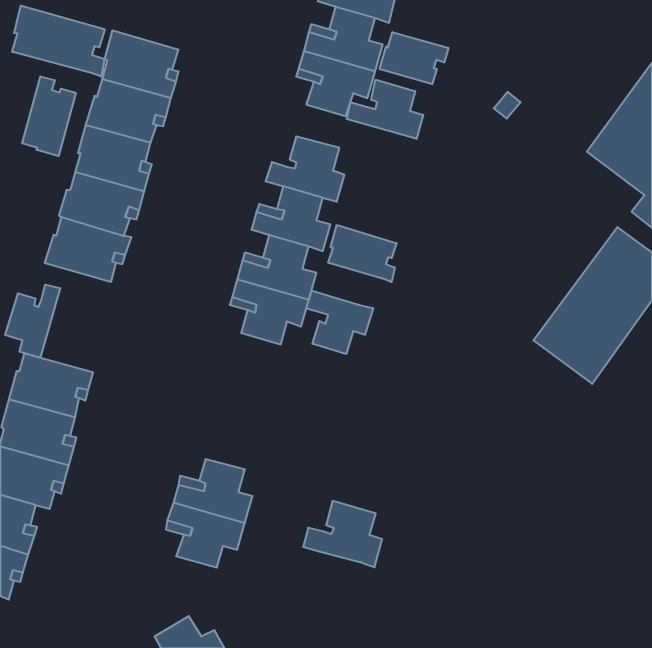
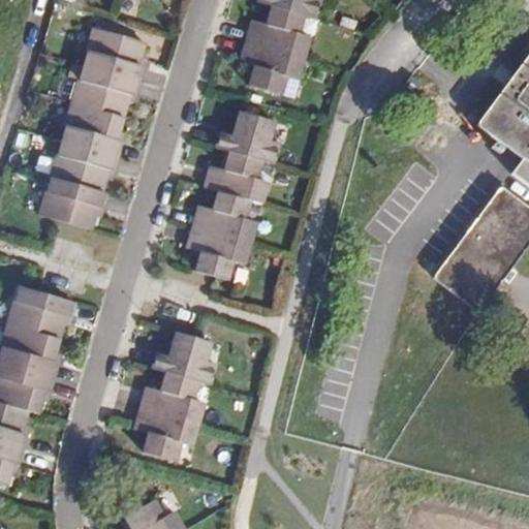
building: [12,6,105,77] -> none
building: [380,32,448,84] -> none
building: [22,76,76,156] -> none
building: [347,80,423,139] -> none
building: [328,225,397,282] -> none
building: [5,285,60,358] -> none
building: [306,290,373,354] -> none
building: [303,501,382,567] -> [152,331,216,384]

